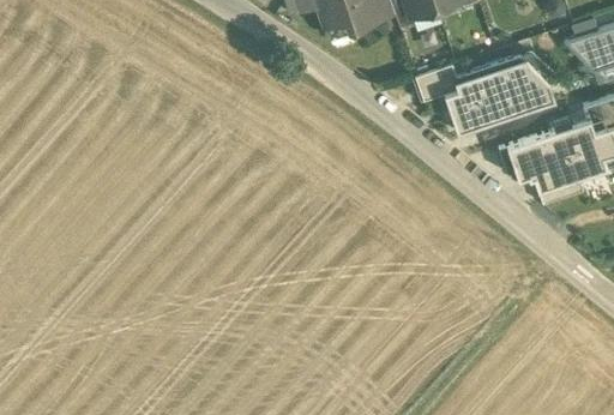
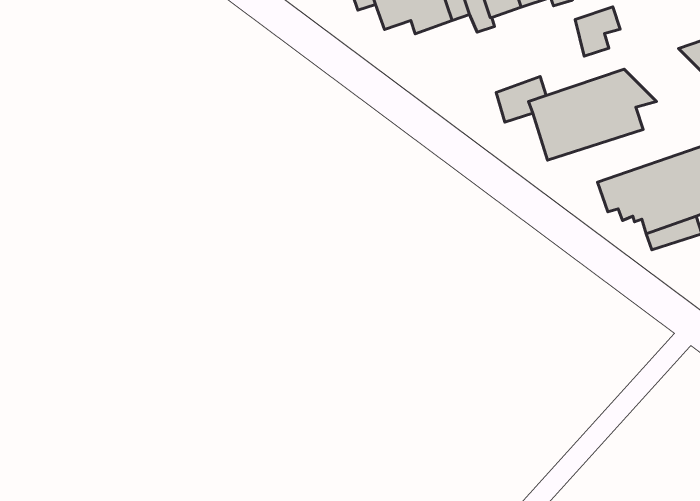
building: none -> [575,7,620,56]

